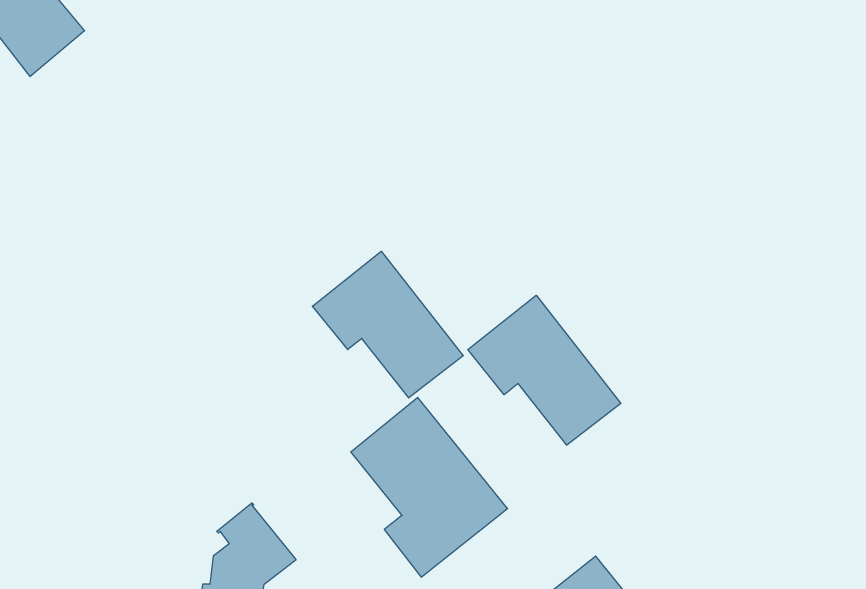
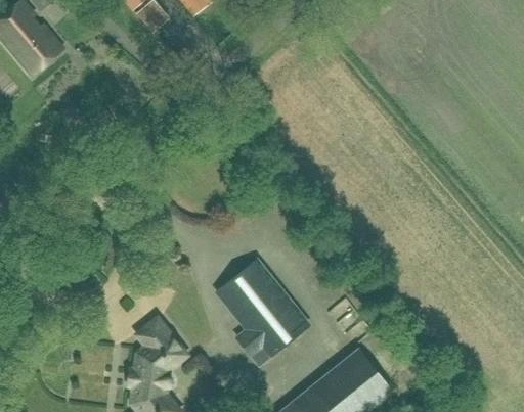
building: [312,251,463,398] -> none
building: [468,295,621,445] -> none

